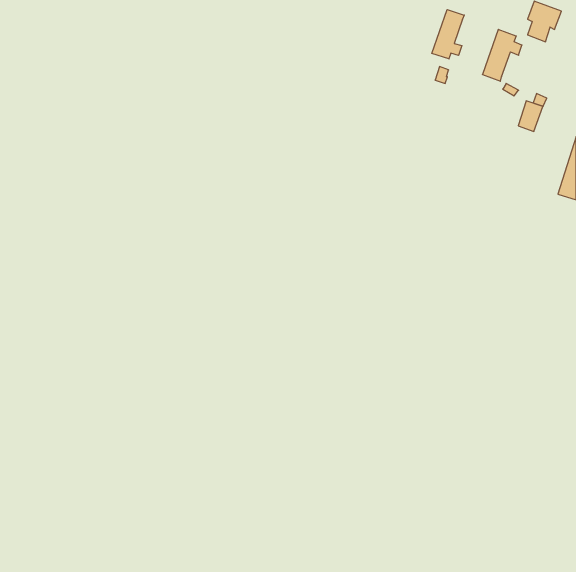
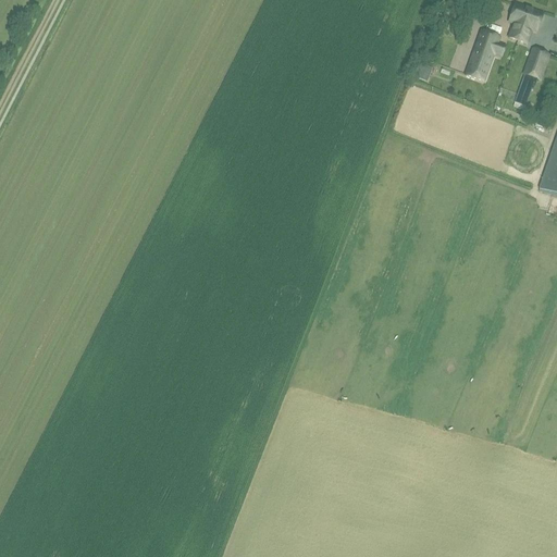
building: [432,10,464,59] -> none
building: [518,101,543,131] -> [524,47,548,76]

